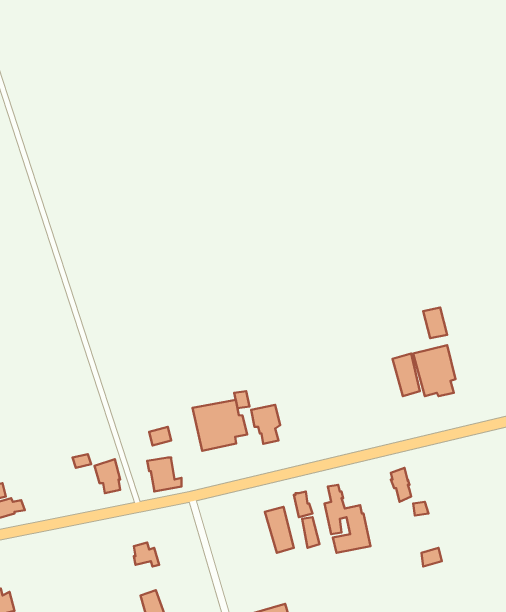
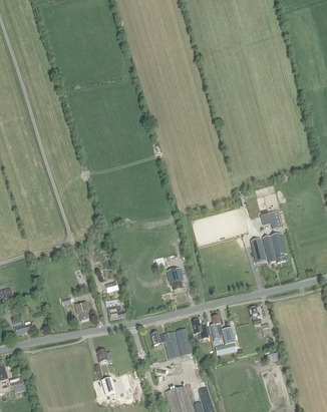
building: [192,400,247,451] -> none
building: none -> [150,331,180,358]

